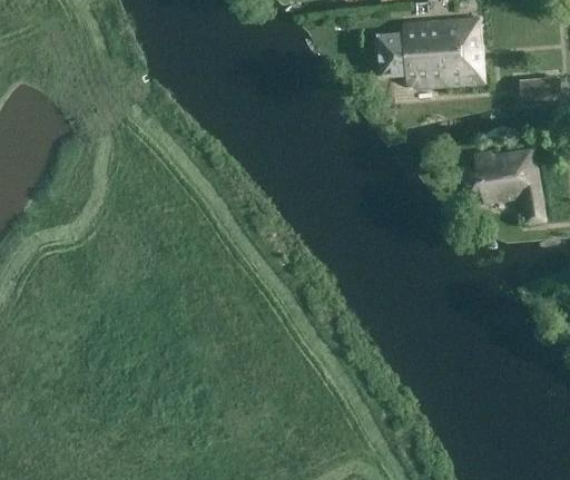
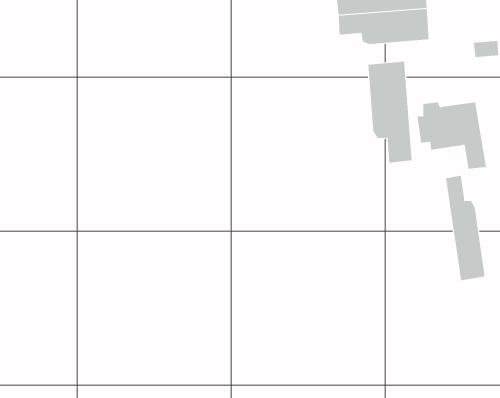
building: none -> [368,61,412,163]
building: none -> [446,175,485,281]

